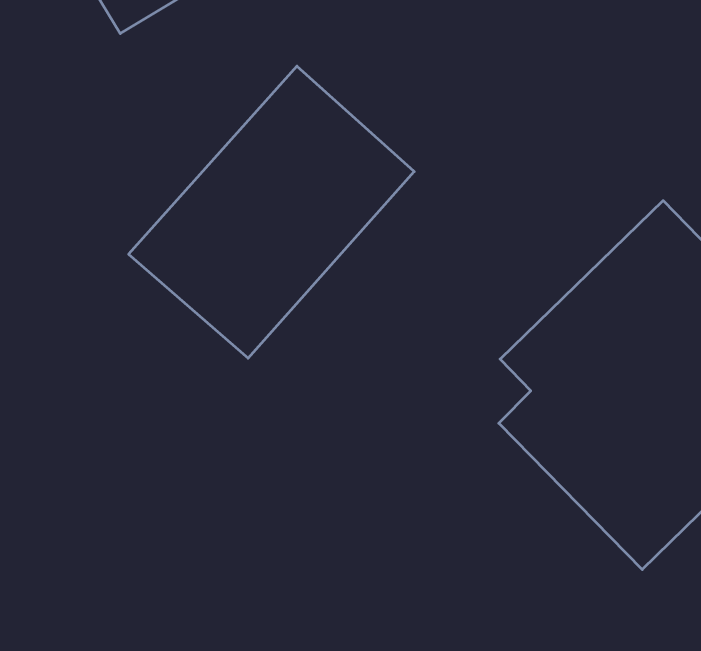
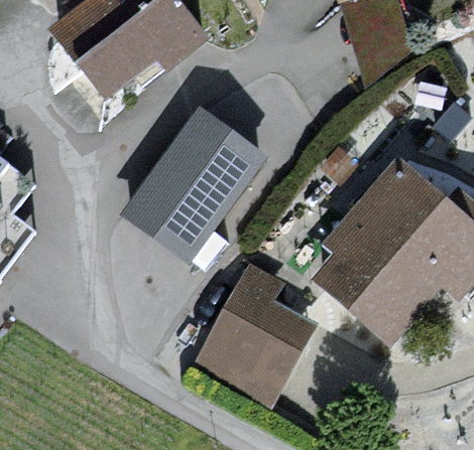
building: none -> [199,250,319,394]

